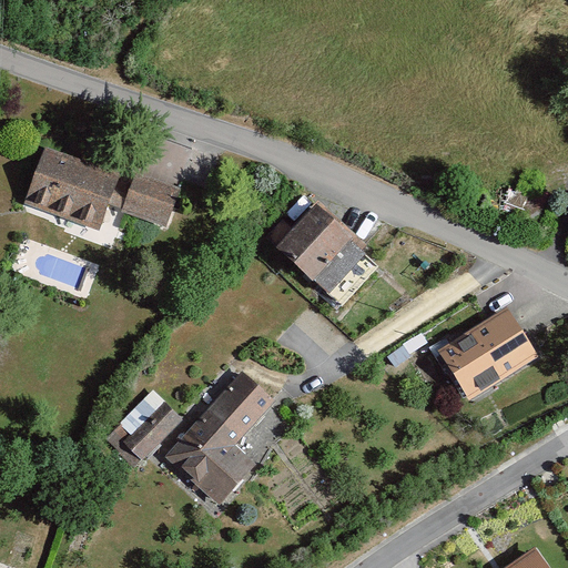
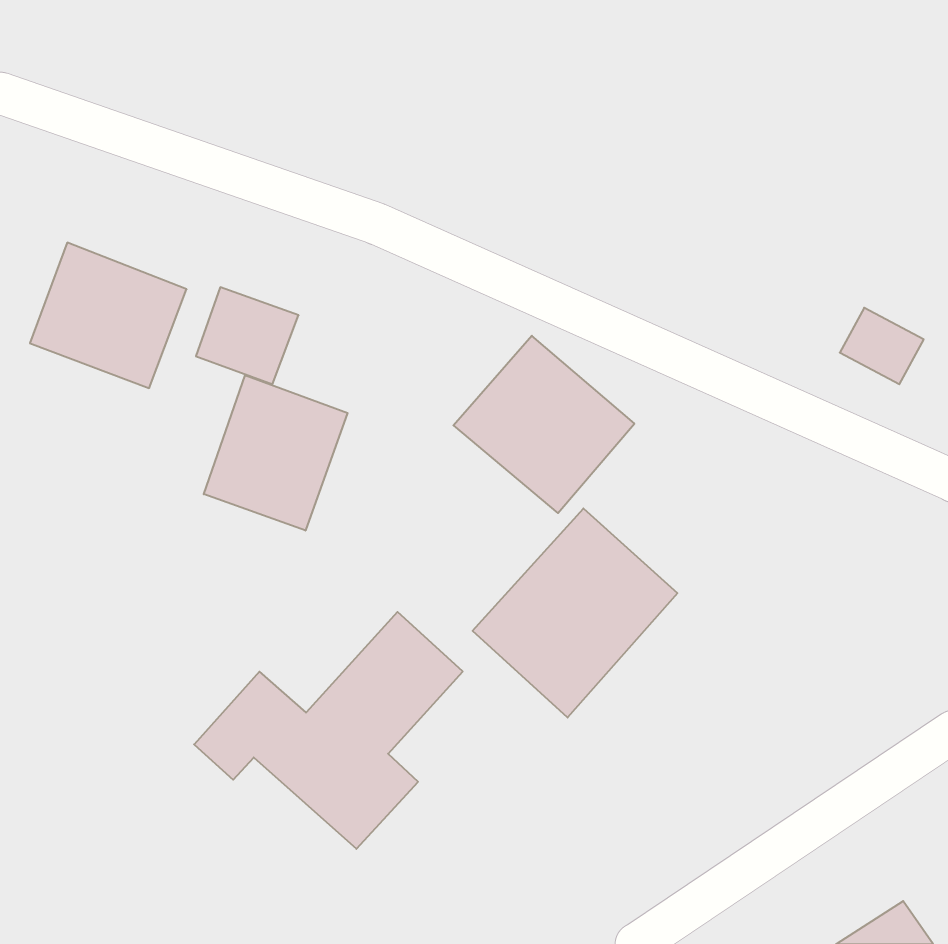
building: none -> [204,375,348,531]
building: none -> [473,508,677,718]
building: [440,315,535,399] -> none

